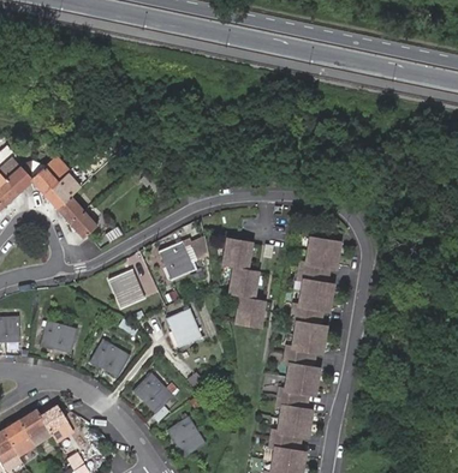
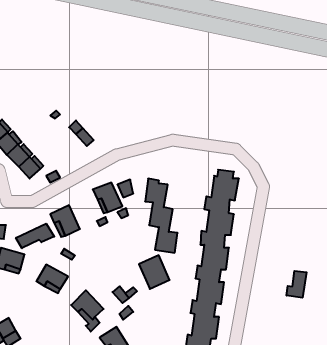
building: none -> [16,224,54,248]
building: [165,309,202,349] -> [139,255,170,289]
building: none -> [287,271,307,298]

